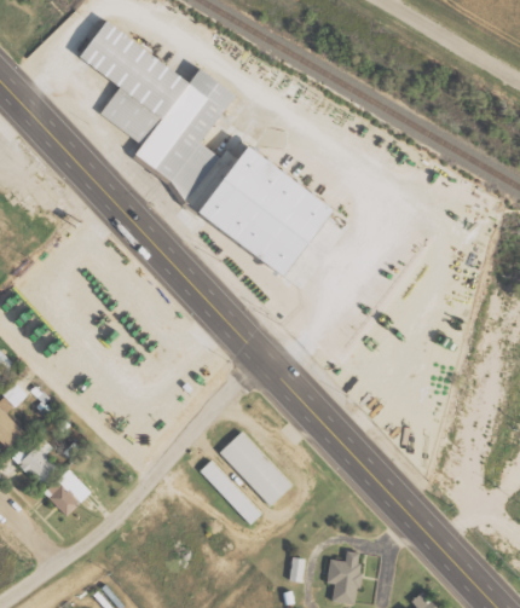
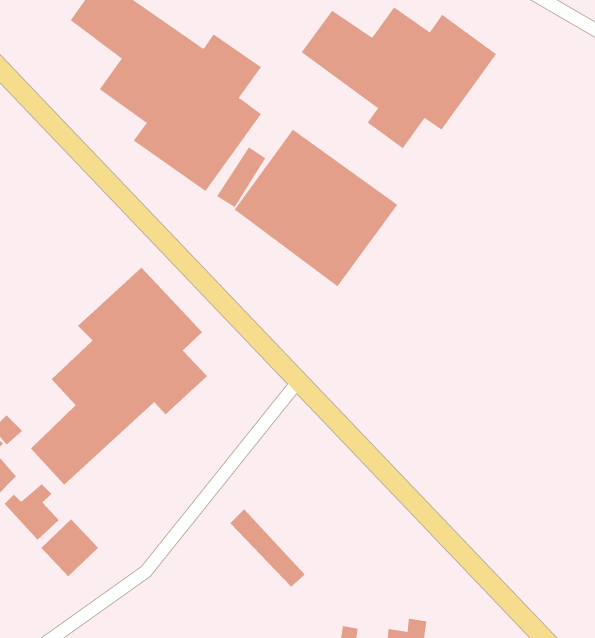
building: none -> [301,6,497,149]
building: none -> [30,267,208,485]
building: [219,430,291,505] -> none

